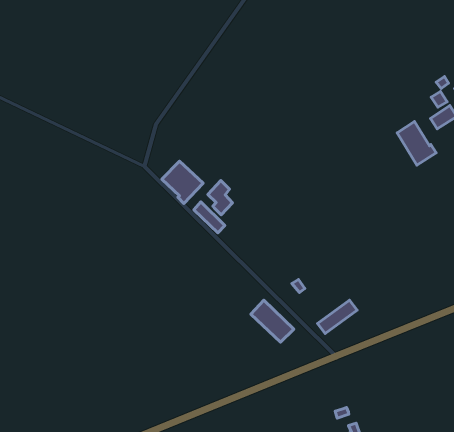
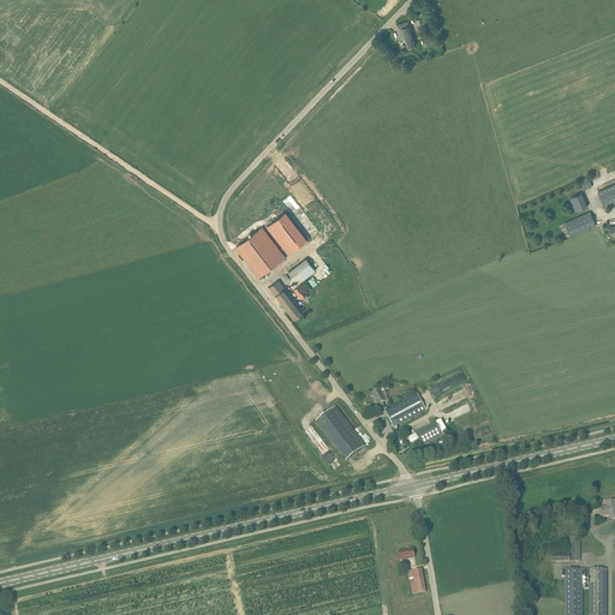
building: [397,122,436,165] -> none
building: none -> [268,213,306,255]
building: none -> [386,394,426,428]

